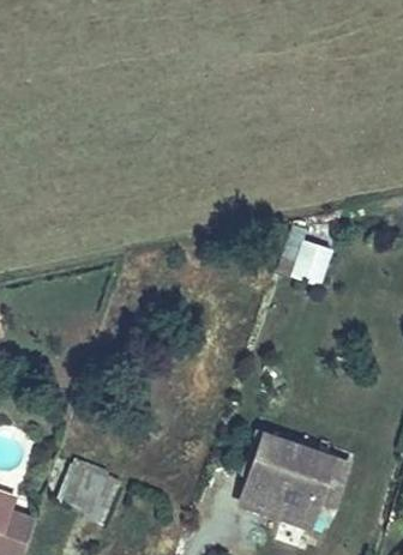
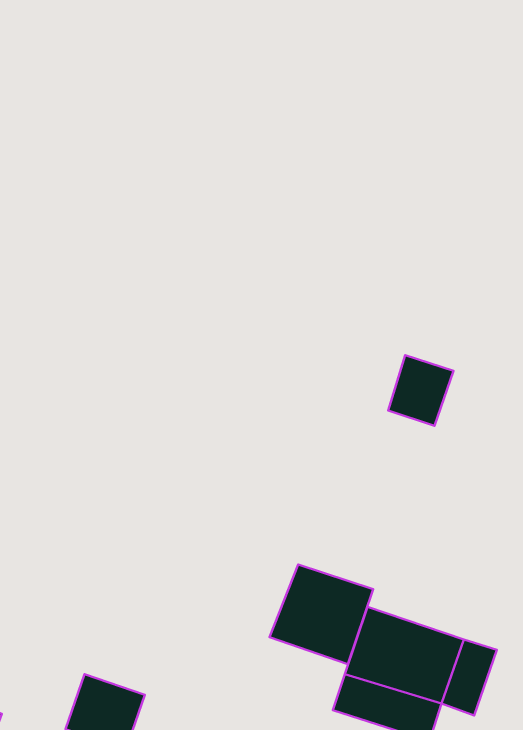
building: none -> [270,564,373,664]

